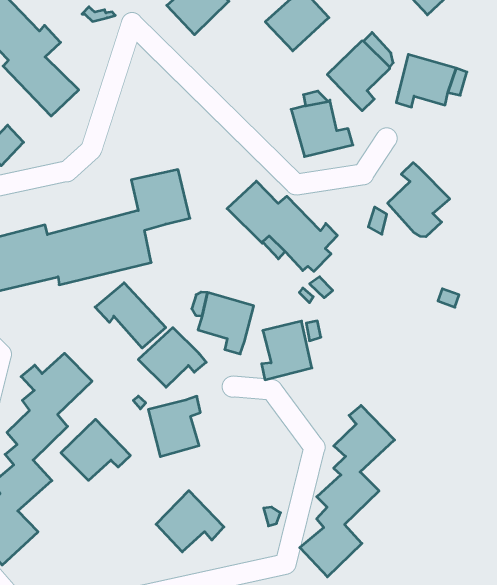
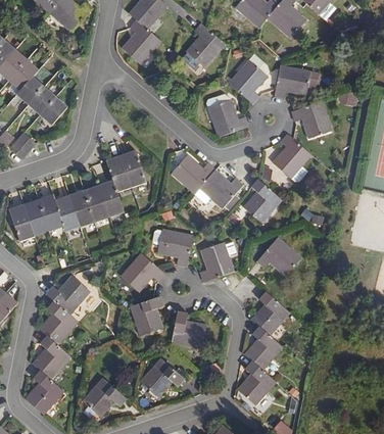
building: none -> [289,100,329,138]
building: none -> [243,178,283,222]
building: [95,283,166,348] -> none
building: none -> [256,237,301,276]
building: [61,419,130,480] -> [81,378,126,418]
building: none -> [171,311,206,349]

